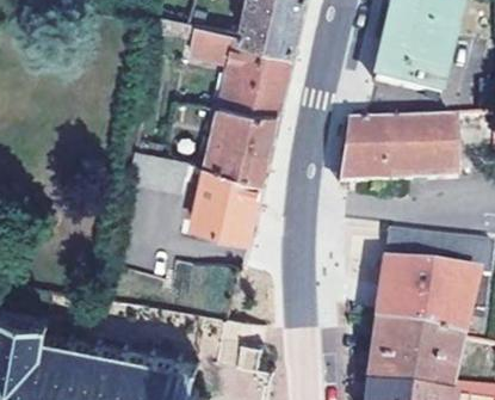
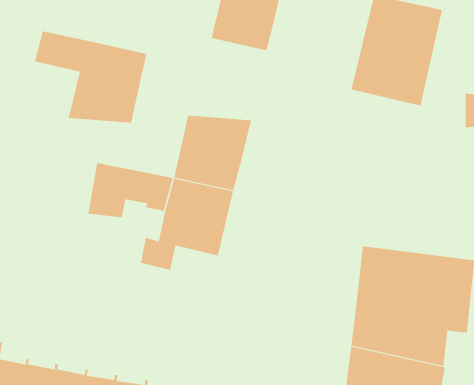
building: [188,26,293,112] -> [34,31,147,123]
building: [338,119,456,184] -> none

